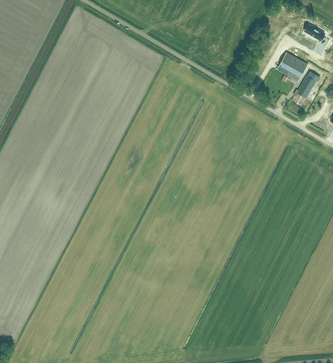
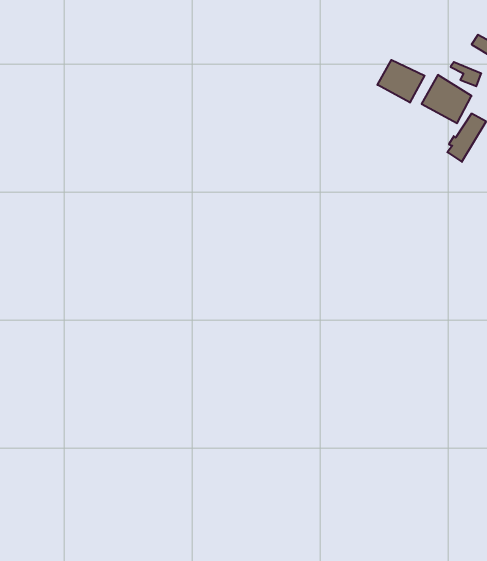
building: none -> [377,60,425,103]

